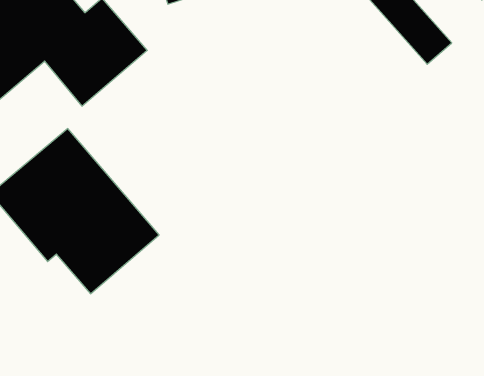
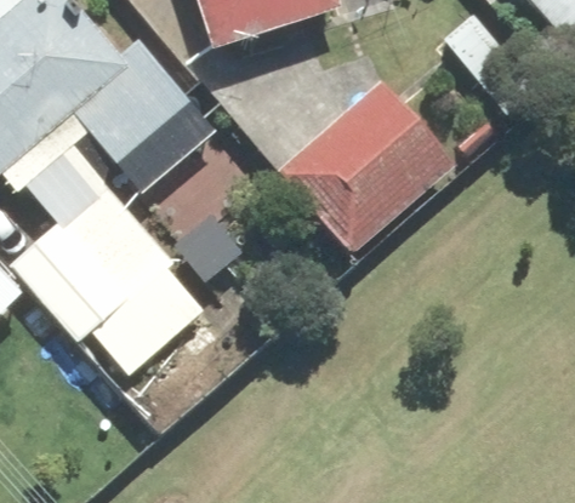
building: none -> [279,82,451,252]

